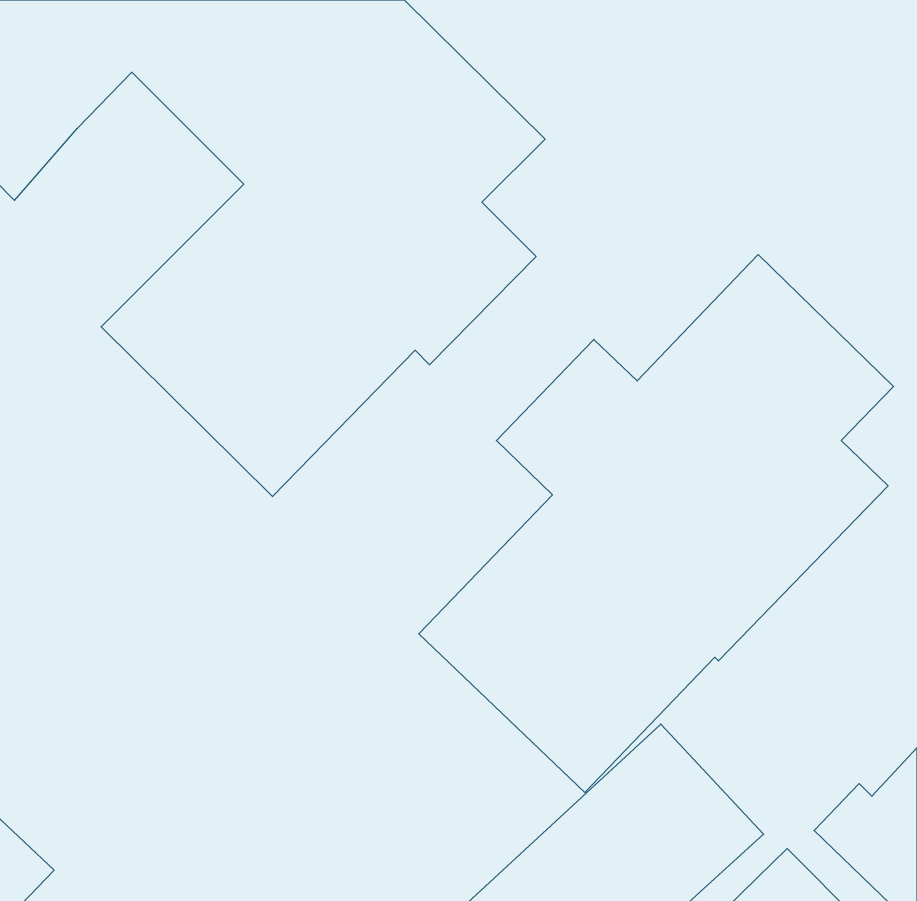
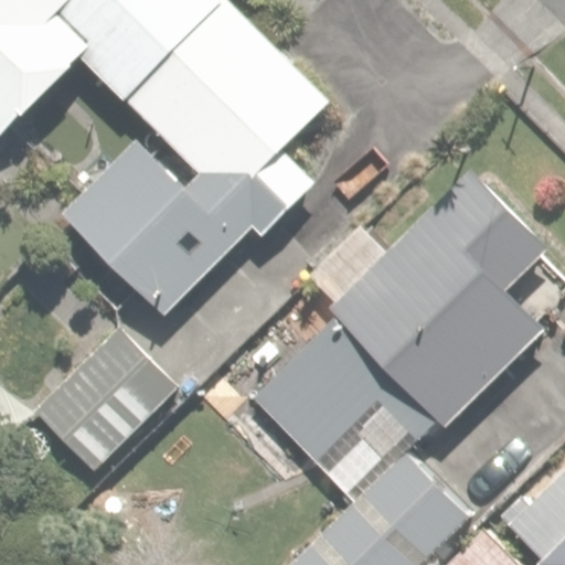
building: none -> [40,337,172,470]

